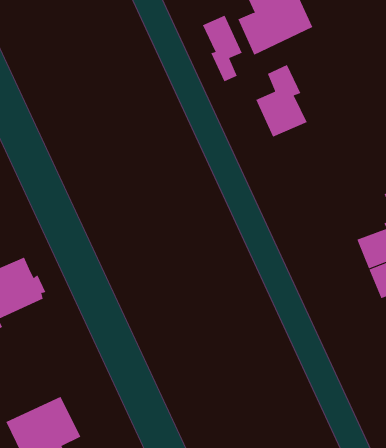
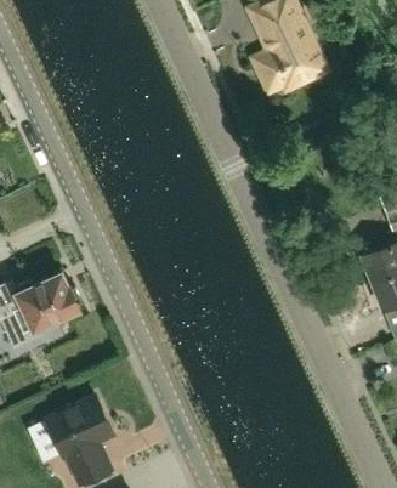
building: [202,15,242,82] -> none
building: [255,64,307,138] -> none

